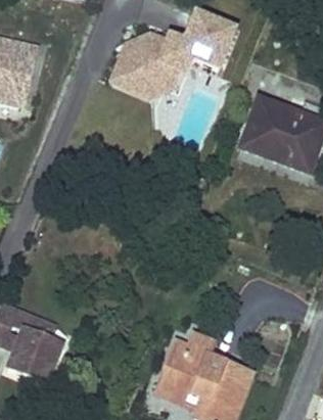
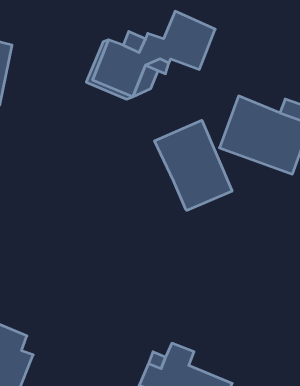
building: none -> [155,120,232,210]

